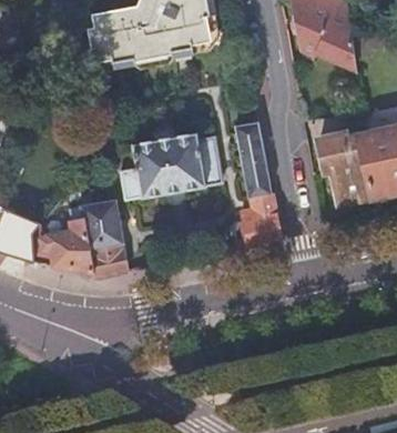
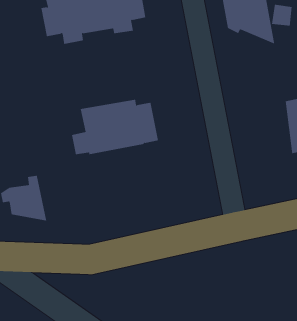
building: [233,121,279,246] -> none
building: [317,134,375,203] -> none
building: [80,202,128,278] -> none

